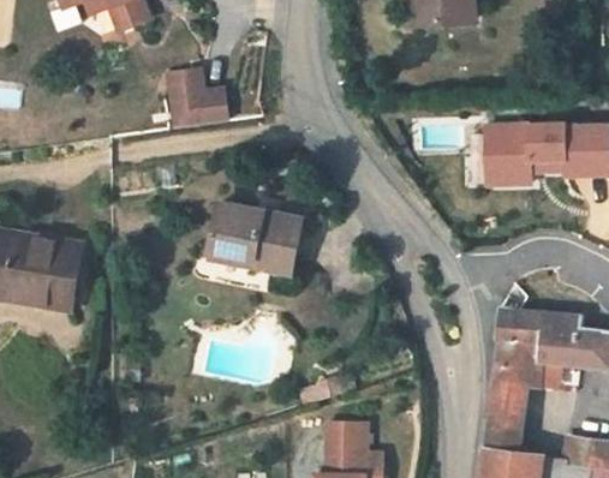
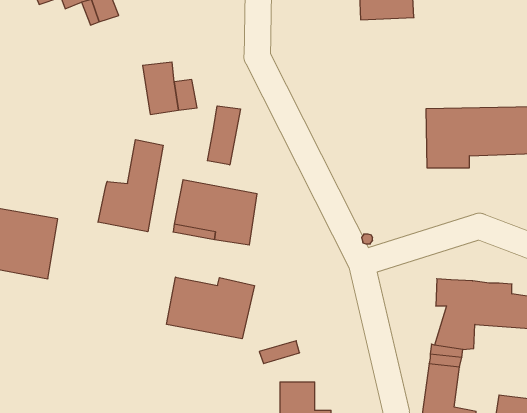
building: none -> [207,106,240,165]
building: none -> [98,140,163,232]
building: none -> [167,277,254,339]

